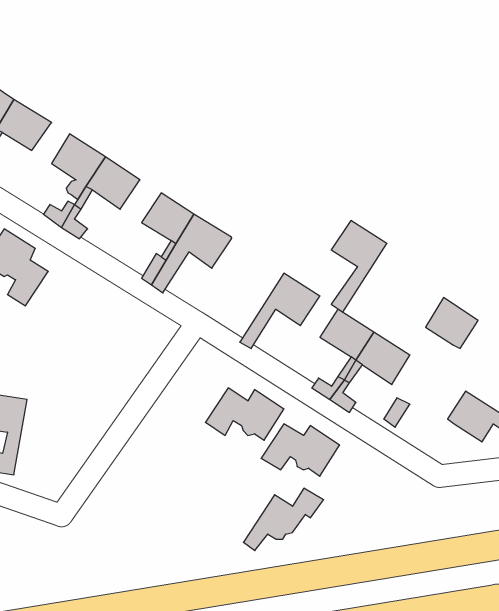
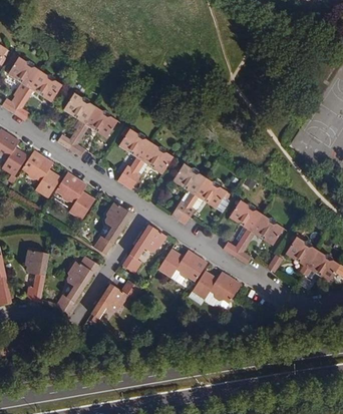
building: [331,221,387,312] -> [170,164,205,221]
building: none -> [54,172,93,220]
building: [426,298,478,348] -> [284,237,316,268]
building: none -> [93,202,130,255]
building: none -> [121,225,165,273]
building: none -> [55,263,92,314]
building: [243,488,324,551] -> [90,281,139,319]

